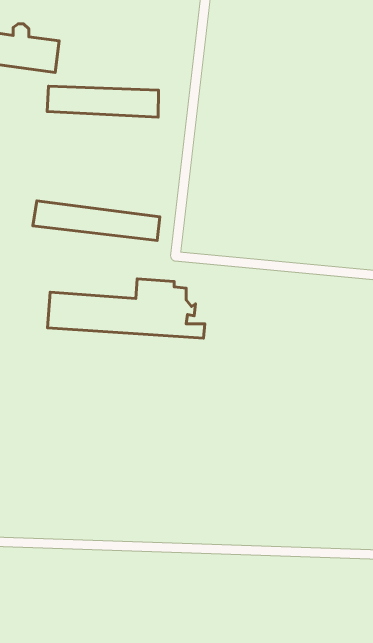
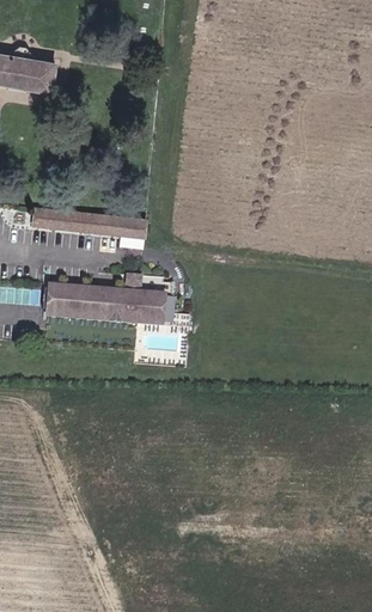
building: [47,86,159,117] -> none

